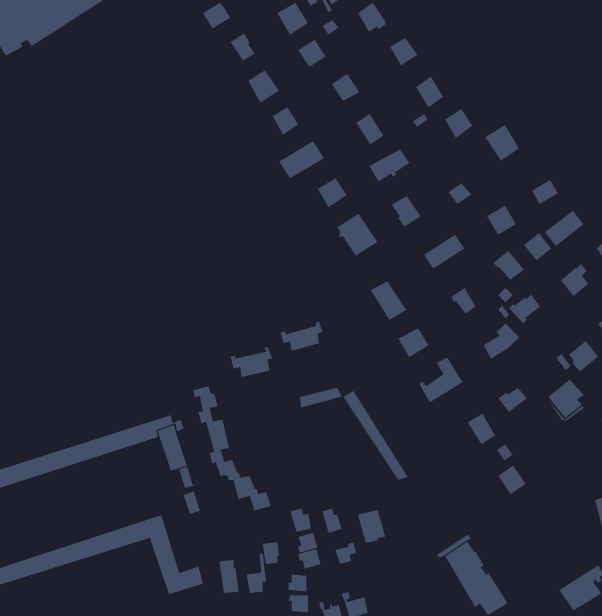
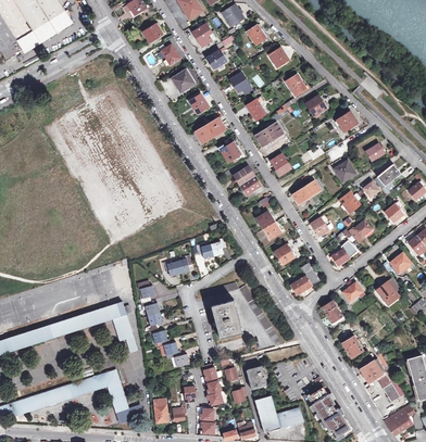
building: none -> [212,301,243,340]
building: none -> [360,357,400,401]
building: none -> [255,396,302,433]

